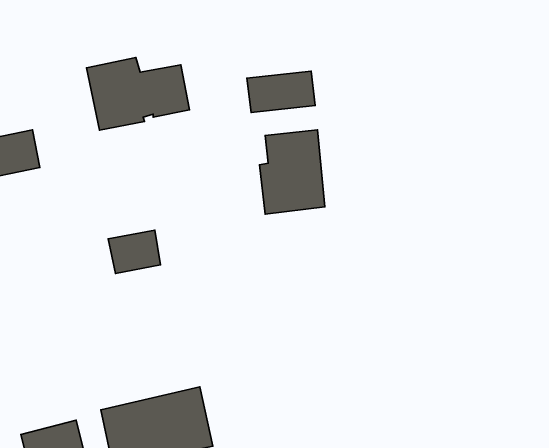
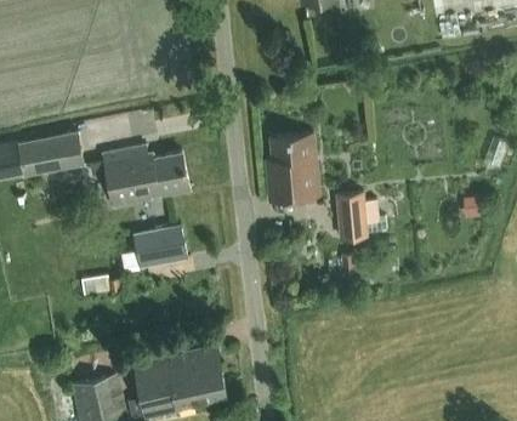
building: [86,58,190,130] -> [103,147,189,207]
building: [247,71,315,113] -> none
building: none -> [336,193,369,240]

